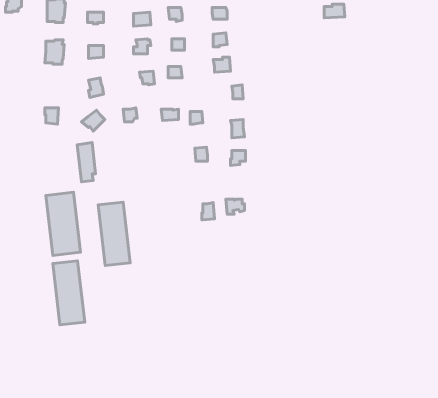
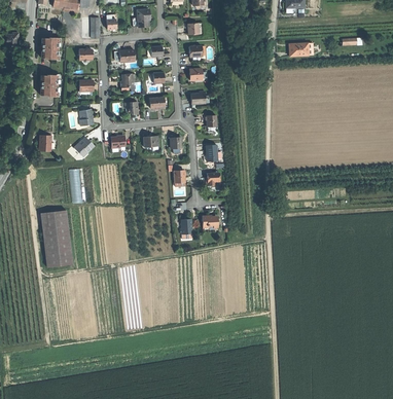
building: [98,202,130,266] -> none
building: [53,261,85,325] -> none

